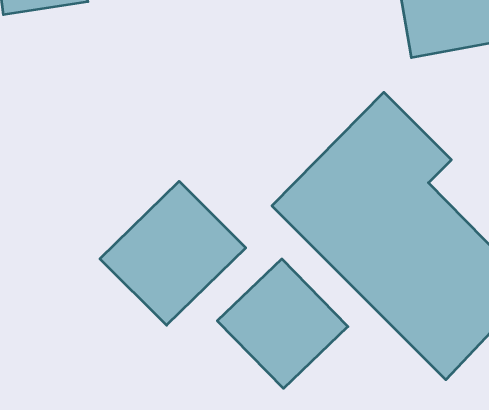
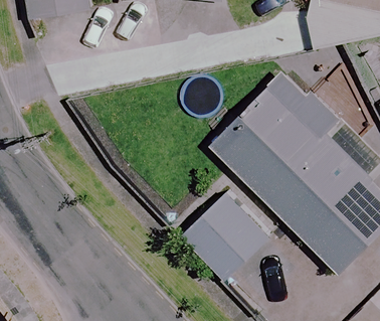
building: [100,181,246,325] -> none

